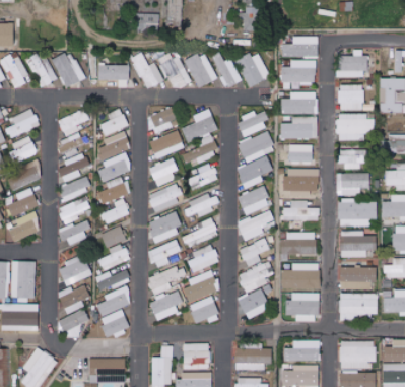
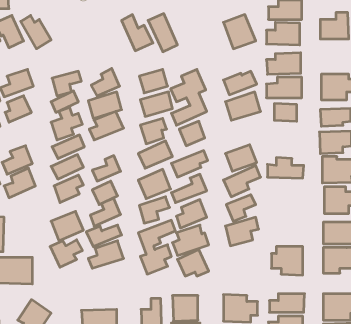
building: [52,50,84,87] -> none
building: [184,52,216,88] -> none
building: [210,52,241,88] -> none
building: [98,65,128,87] -> none
building: [338,85,362,110] -> none
building: [235,155,272,189] -> none
building: [8,162,43,189] -> none
building: [284,169,319,195] -> none
building: [97,175,129,204] -> none
building: [282,232,315,254] -> none
building: [9,261,35,301] -> none
building: [280,263,320,291] -> none
building: [238,288,267,317] -> none
building: [58,309,88,341] -> none
building: [98,309,129,338] -> none

